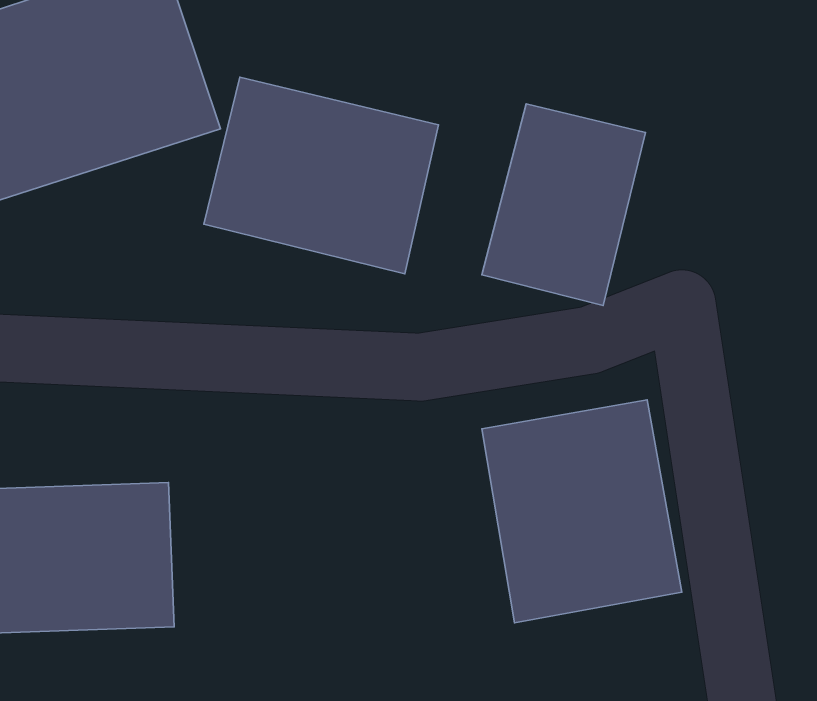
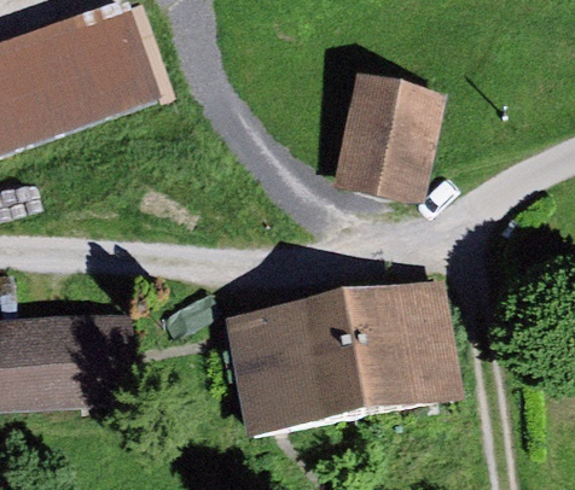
building: [204,77,438,274] -> none
building: none -> [220,291,354,431]

